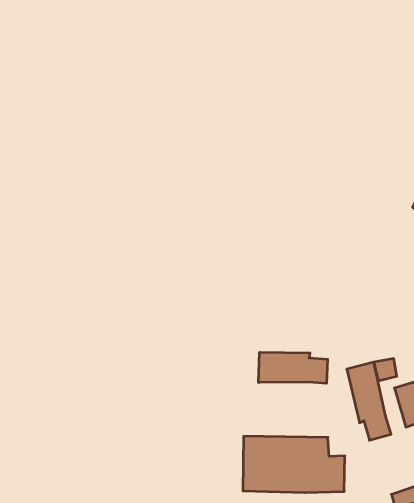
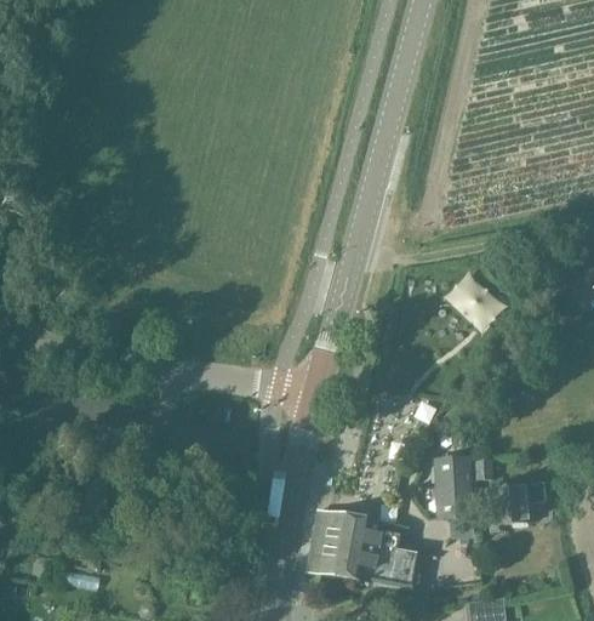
building: [259,352,328,383] -> none

